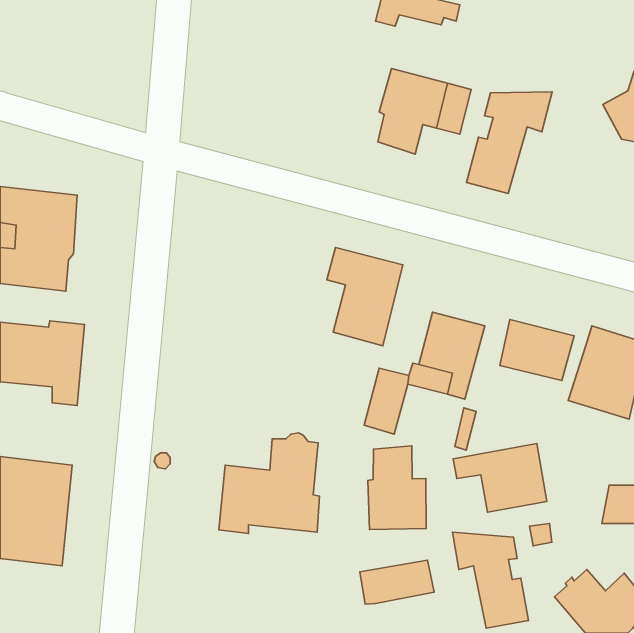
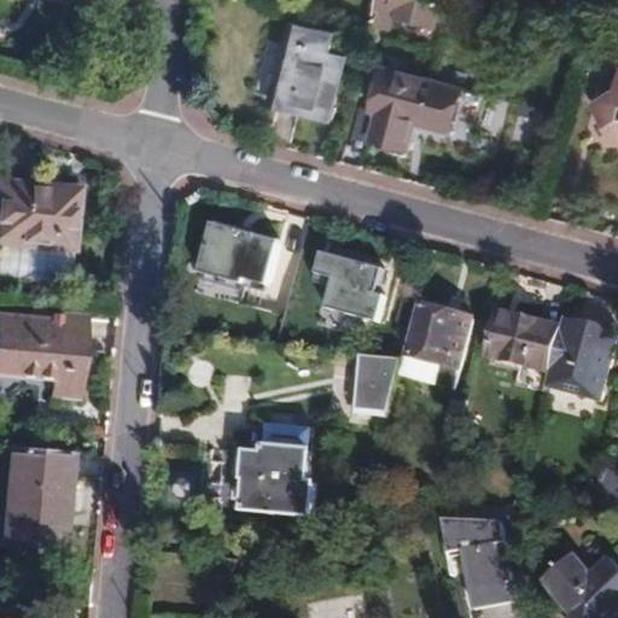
building: none -> [267,19,340,119]
building: [466,92,552,194] -> none
building: none -> [198,221,287,309]
building: [453,443,547,512] -> none
building: [368,446,426,529] -> none
building: [360,560,434,604] -> none

